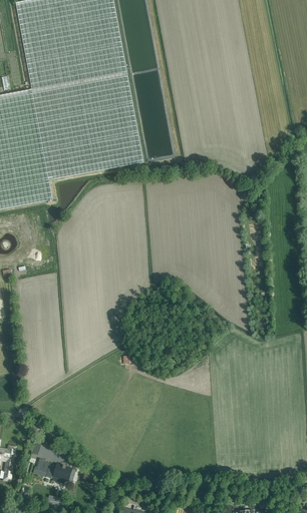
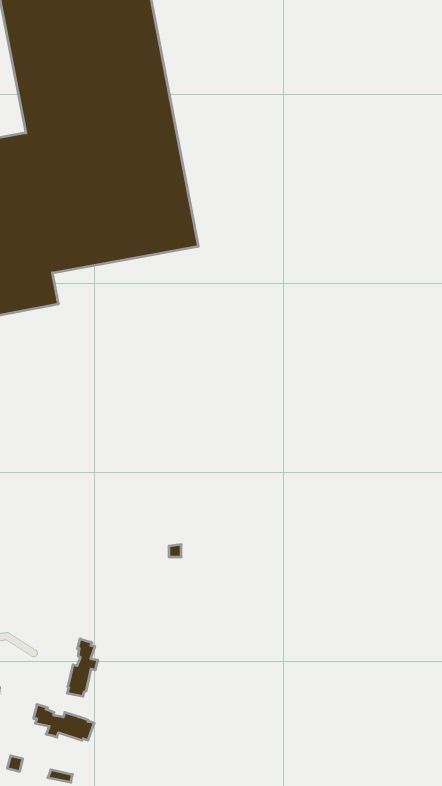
building: none -> [67,639,98,696]

